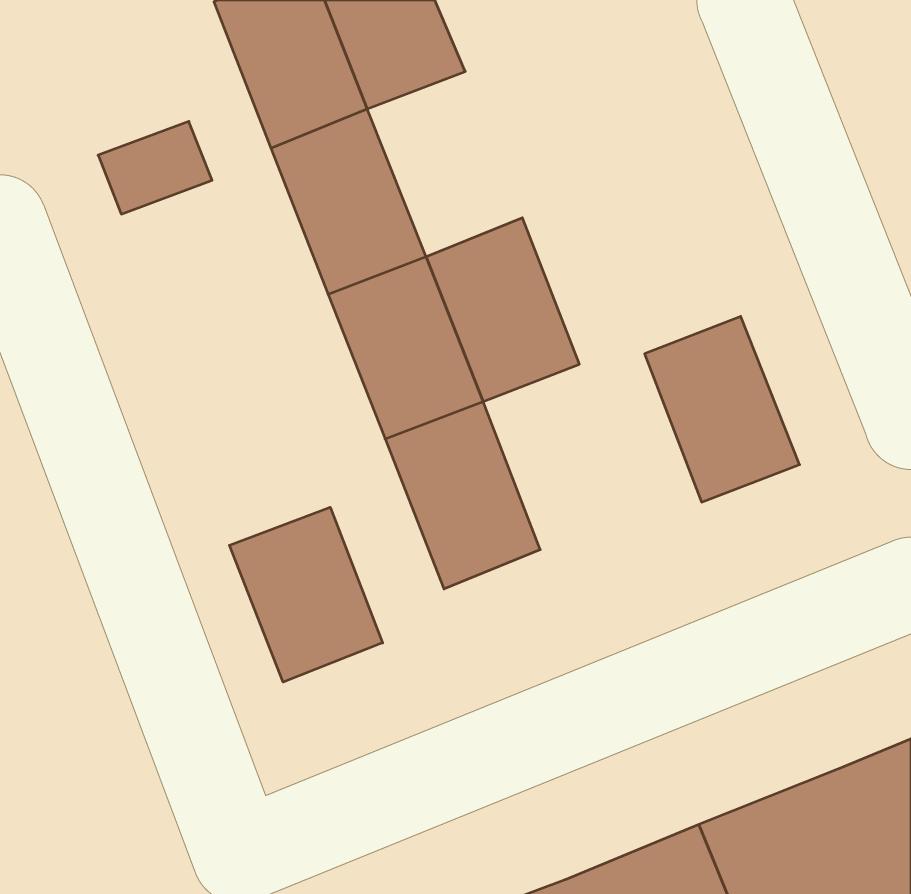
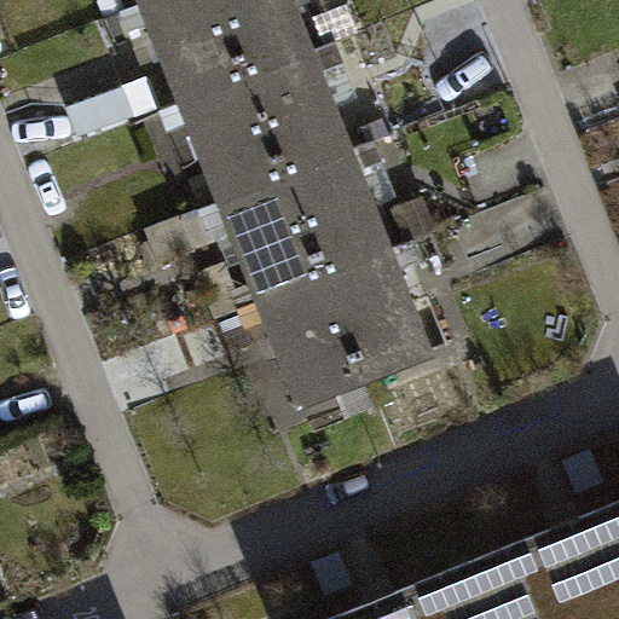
building: none -> [249,60,354,186]
building: [645,316,800,502] -> [328,259,433,384]
building: [229,507,383,682] -> none

